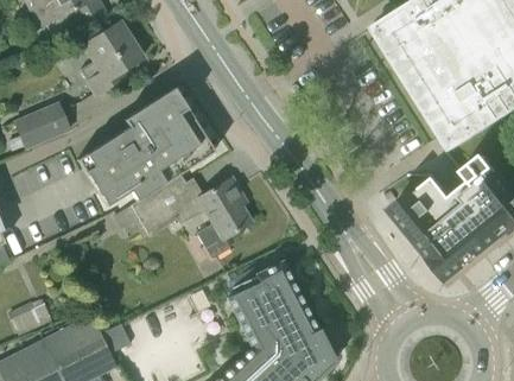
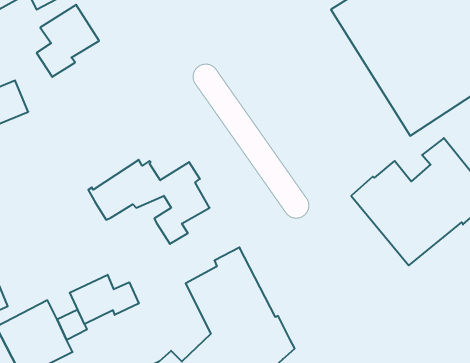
building: [83,88,205,207] -> none
building: none -> [70,275,139,324]

